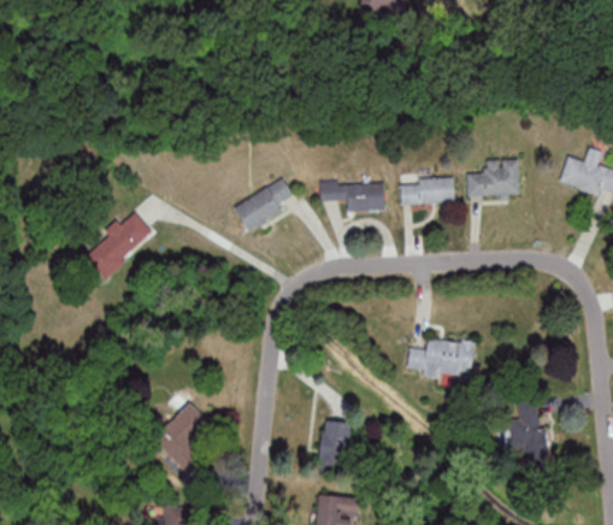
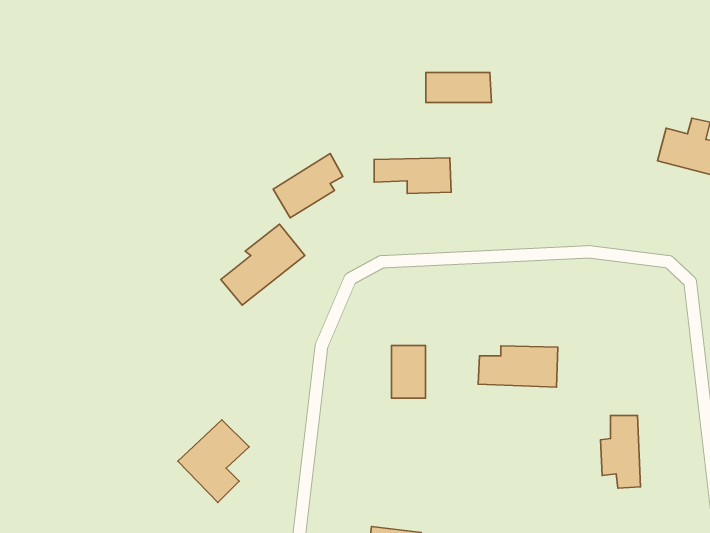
building: [467,159,521,197] -> none
building: [400,178,455,203] -> [426,73,491,103]
building: [84,210,155,278] -> [221,224,305,305]
building: [320,421,349,466] -> [391,345,426,398]

